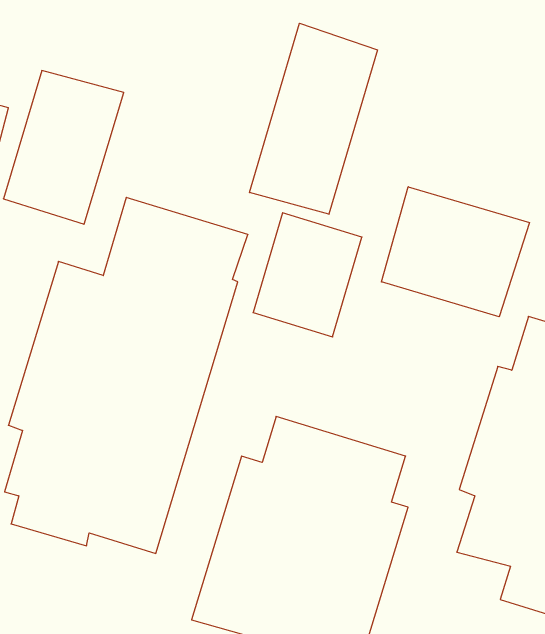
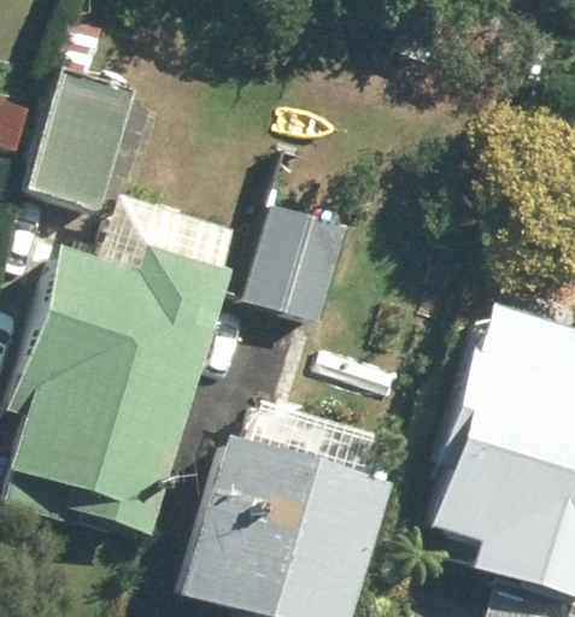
building: [250,23,377,214] -> none
building: [381,187,529,317] -> none

